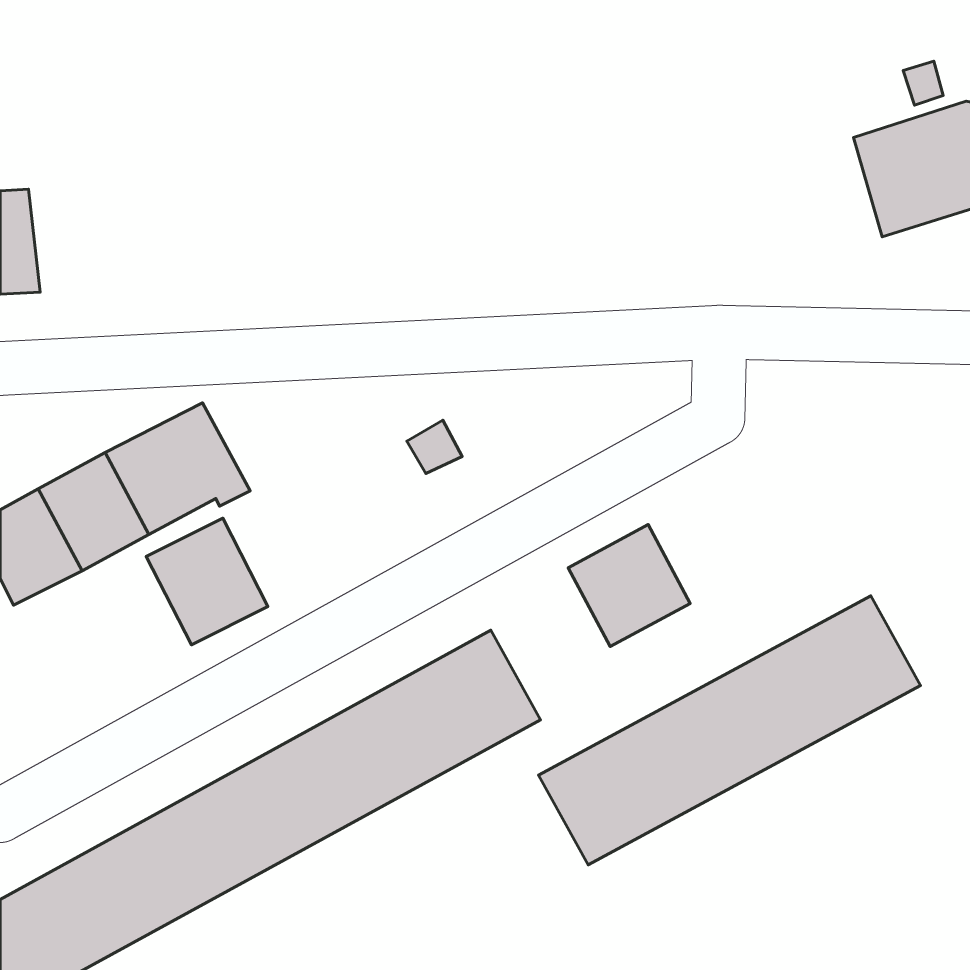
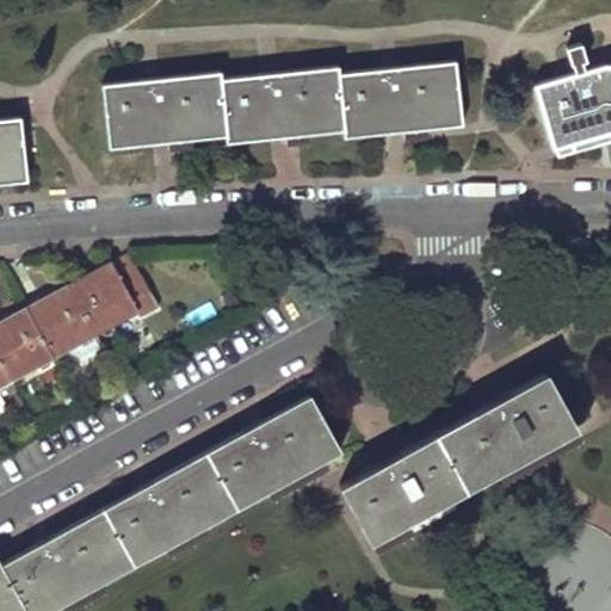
building: none -> [104,64,464,152]
building: [146,518,268,645] -> none
building: [568,524,690,647] -> none

